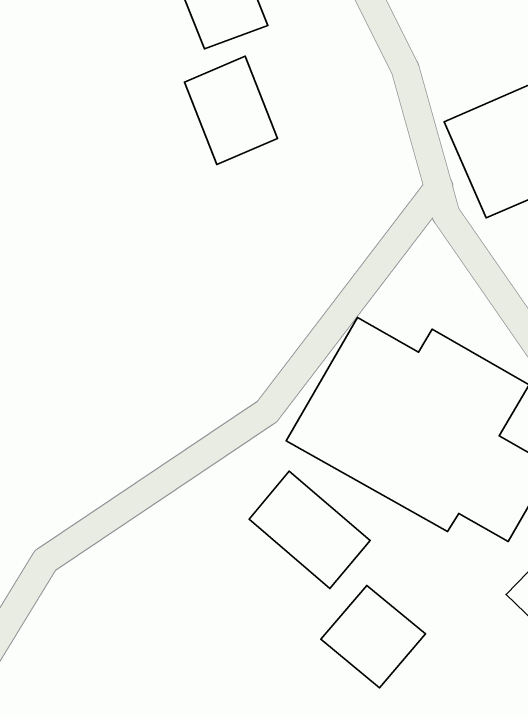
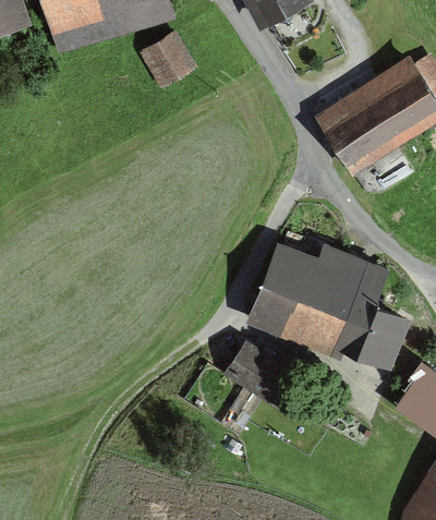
building: [185,56,278,164] -> none
building: [321,586,426,688] -> none

